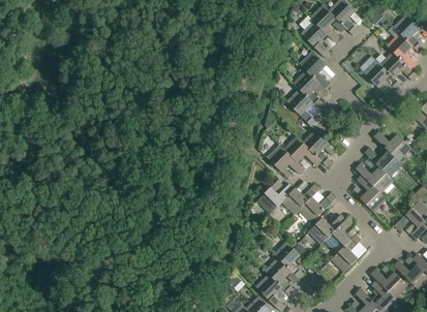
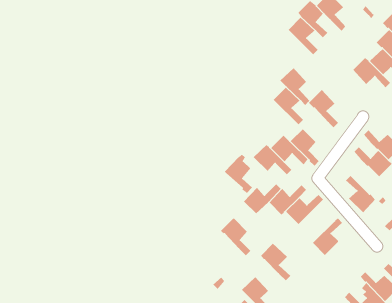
building: [300,51,330,89] -> [308,89,339,128]
building: none -> [223,154,253,194]
building: [356,163,394,193] -> none
building: [308,214,346,244] -> none
building: [331,235,361,272] -> none
building: [265,257,295,294] -> [220,218,251,256]

